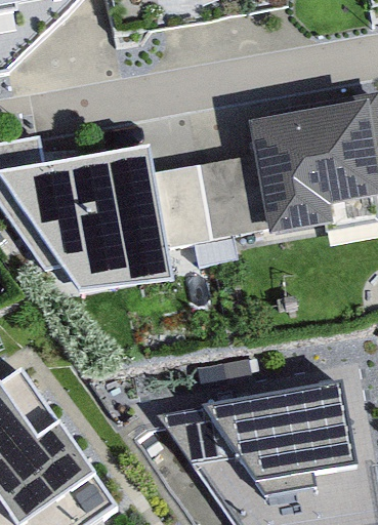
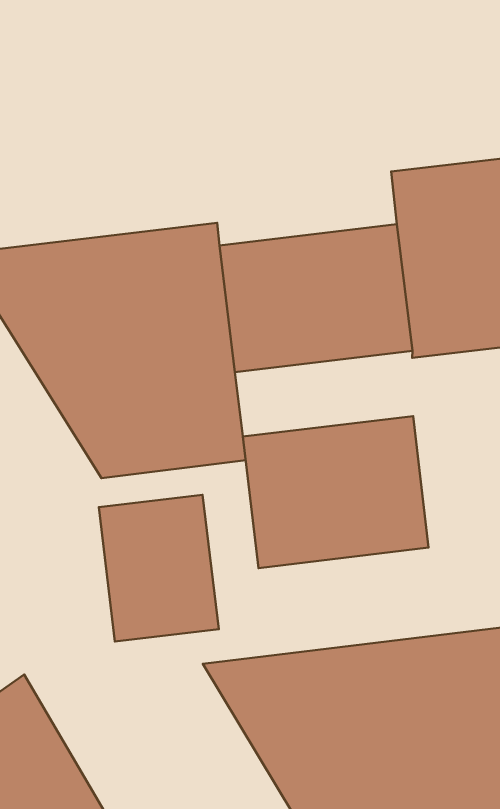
building: none -> [243,416,429,568]
building: none -> [99,495,219,642]

